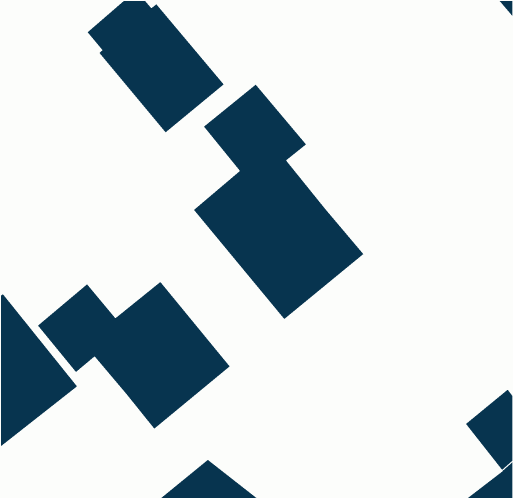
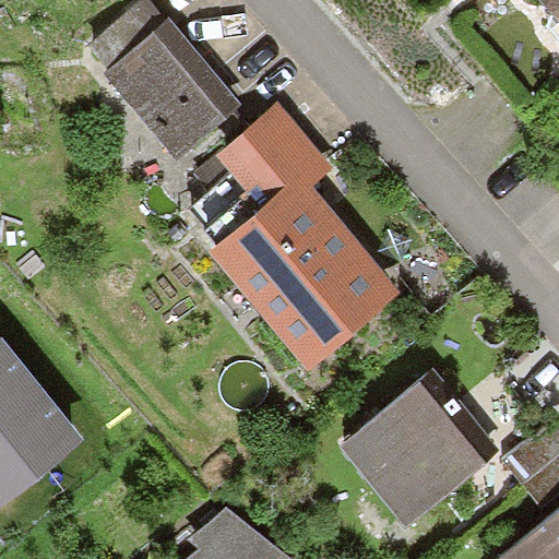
building: [37,281,231,430] -> none
building: none -> [340,379,486,524]

